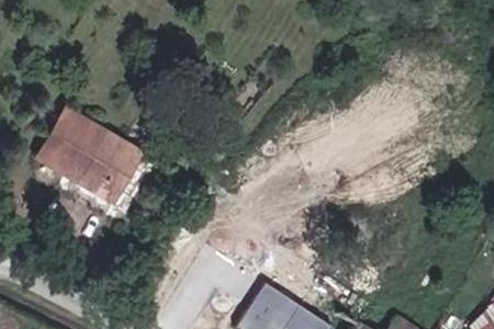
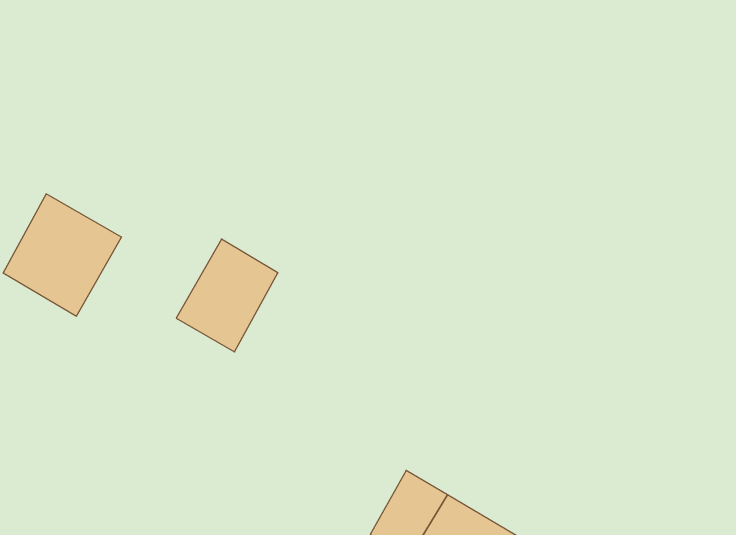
building: [82,139,142,205] -> [176,239,278,352]

